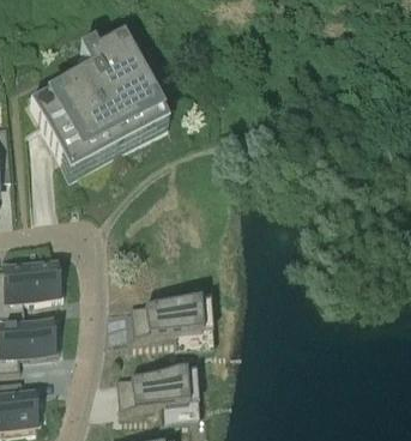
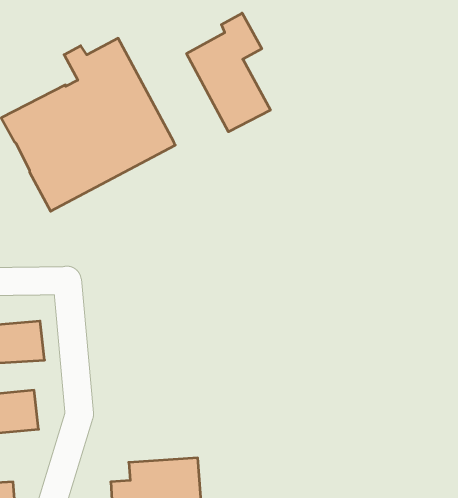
building: none -> [187,13,270,132]
building: [132,302,204,350] -> none

